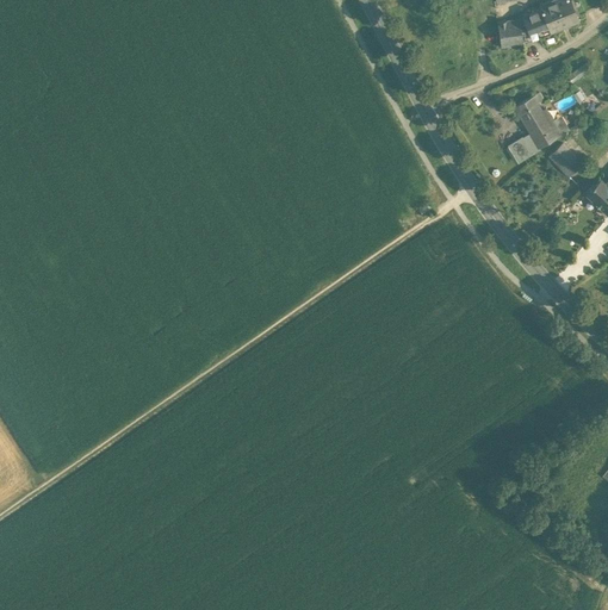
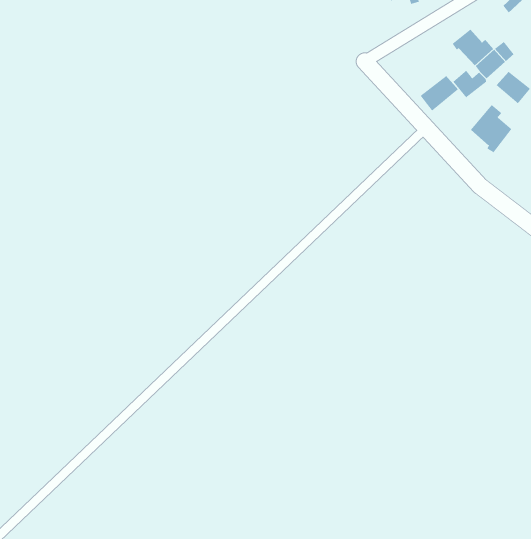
building: none -> [420,75,459,111]
building: none -> [470,104,512,153]

